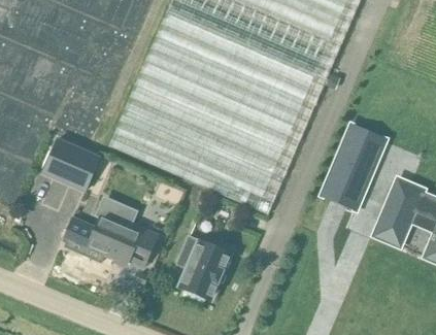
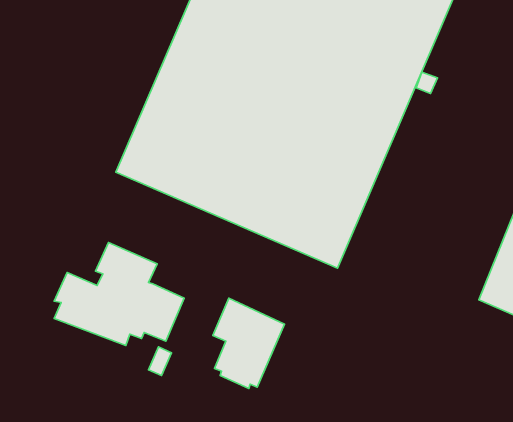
building: [317,121,390,212] -> none
building: [42,137,101,191] -> none

